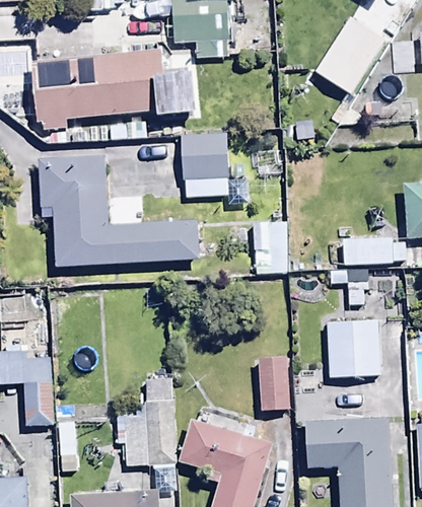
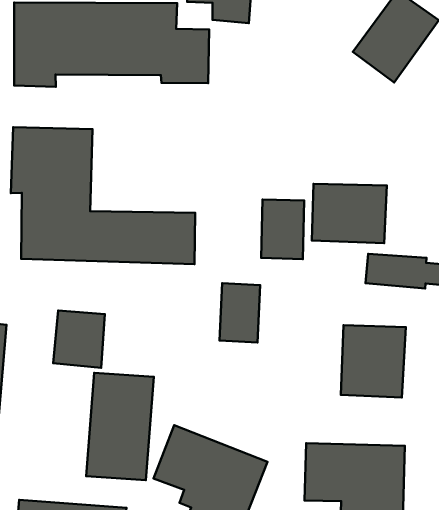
building: [179,132,229,197] -> none
building: none -> [312,184,387,243]
building: none -> [53,310,105,368]
building: [256,346,289,394] -> [220,283,260,343]

